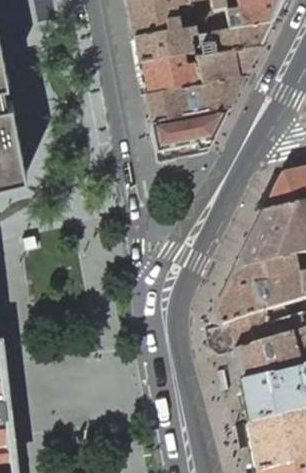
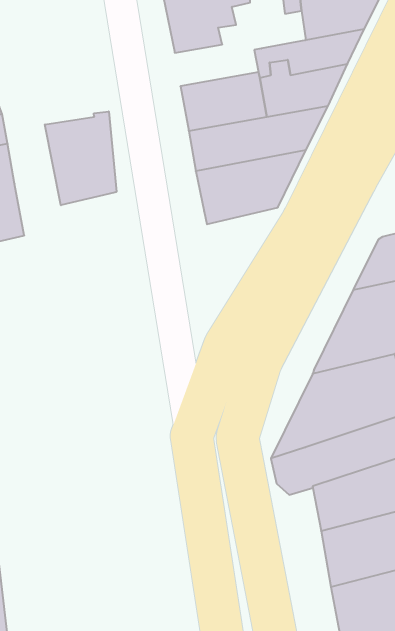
building: [133,26,195,70] -> none
building: none -> [45,111,116,205]

